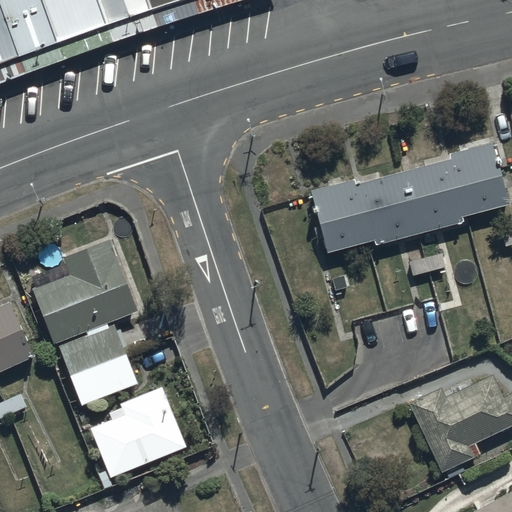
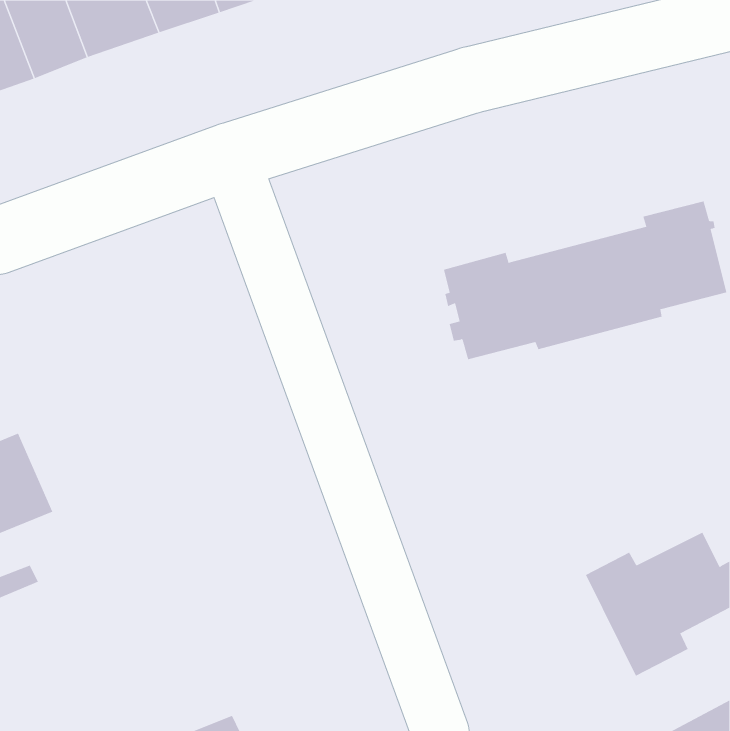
building: [32,237,139,405] -> none
building: [90,388,187,479] -> none

